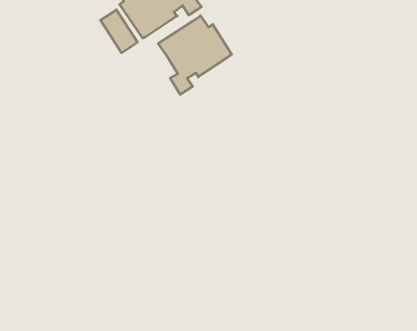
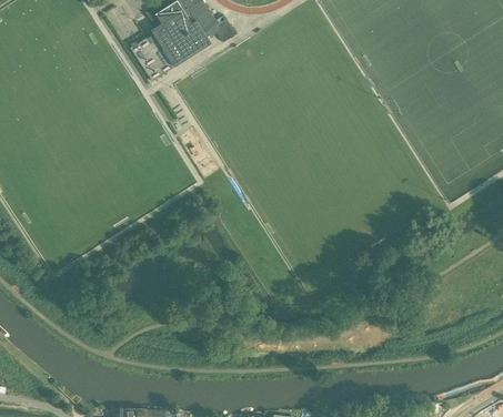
building: [158,16,232,94] -> none

